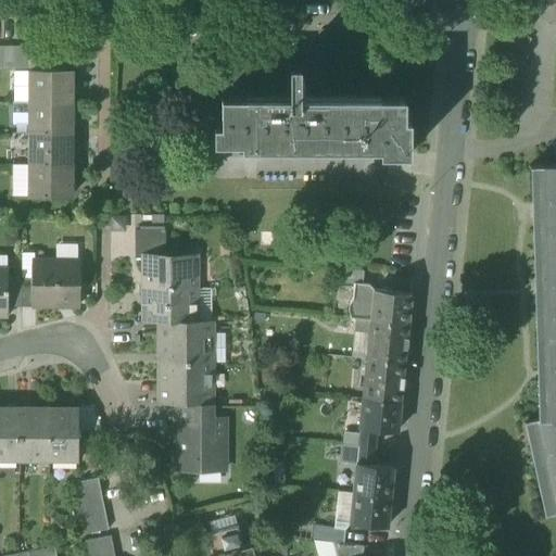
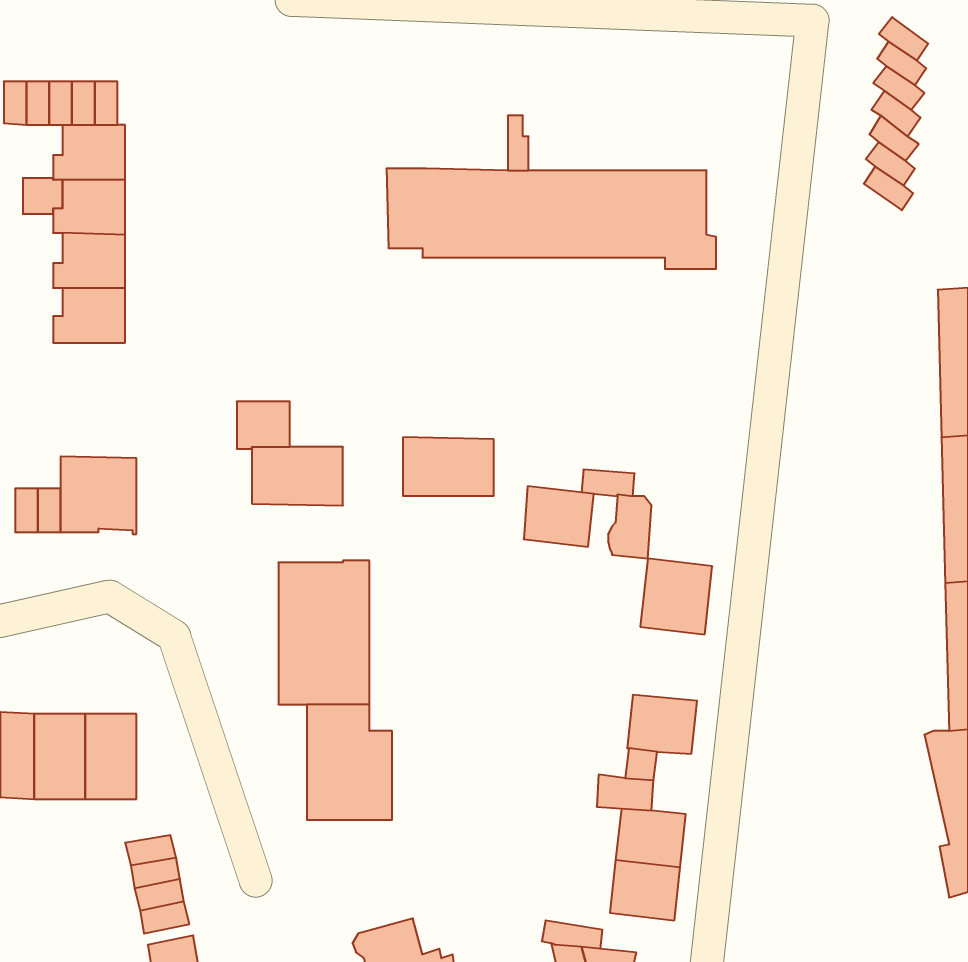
building: [144,292,197,326] -> [403,437,494,496]
building: [371,293,412,328] -> [524,486,594,547]
building: [363,363,404,405] -> none

